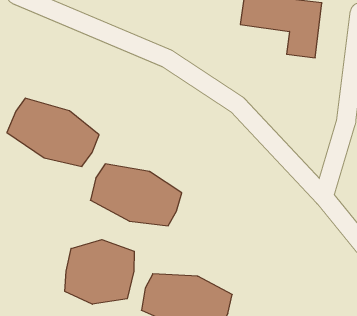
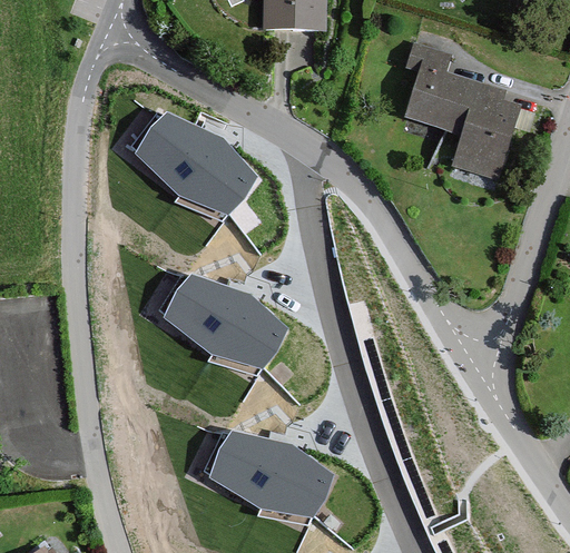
building: [7,98,99,167] -> [134,110,257,215]
building: [65,240,134,304] -> none

